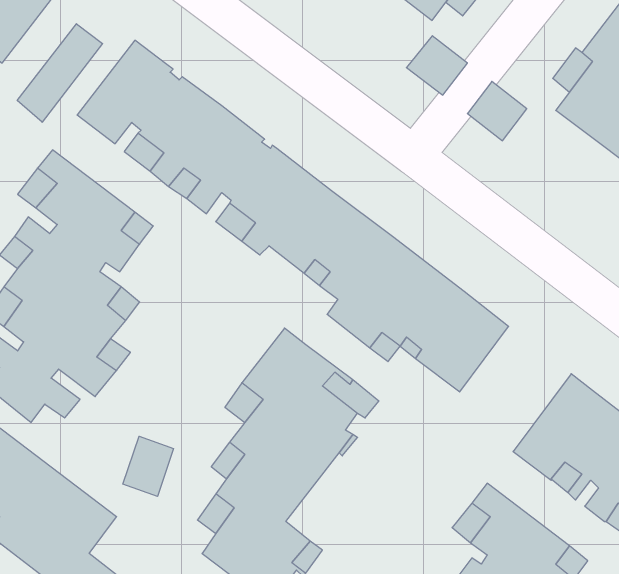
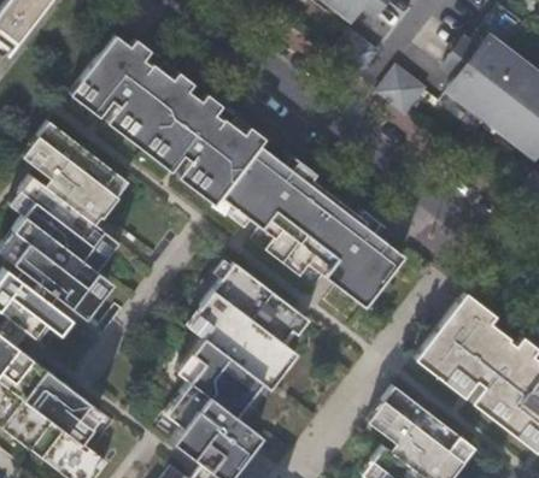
building: [17,24,103,122] -> none
building: [123,436,174,496] -> none

